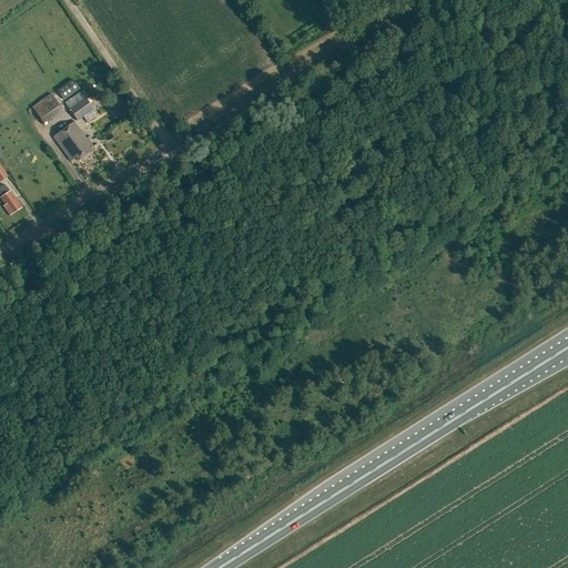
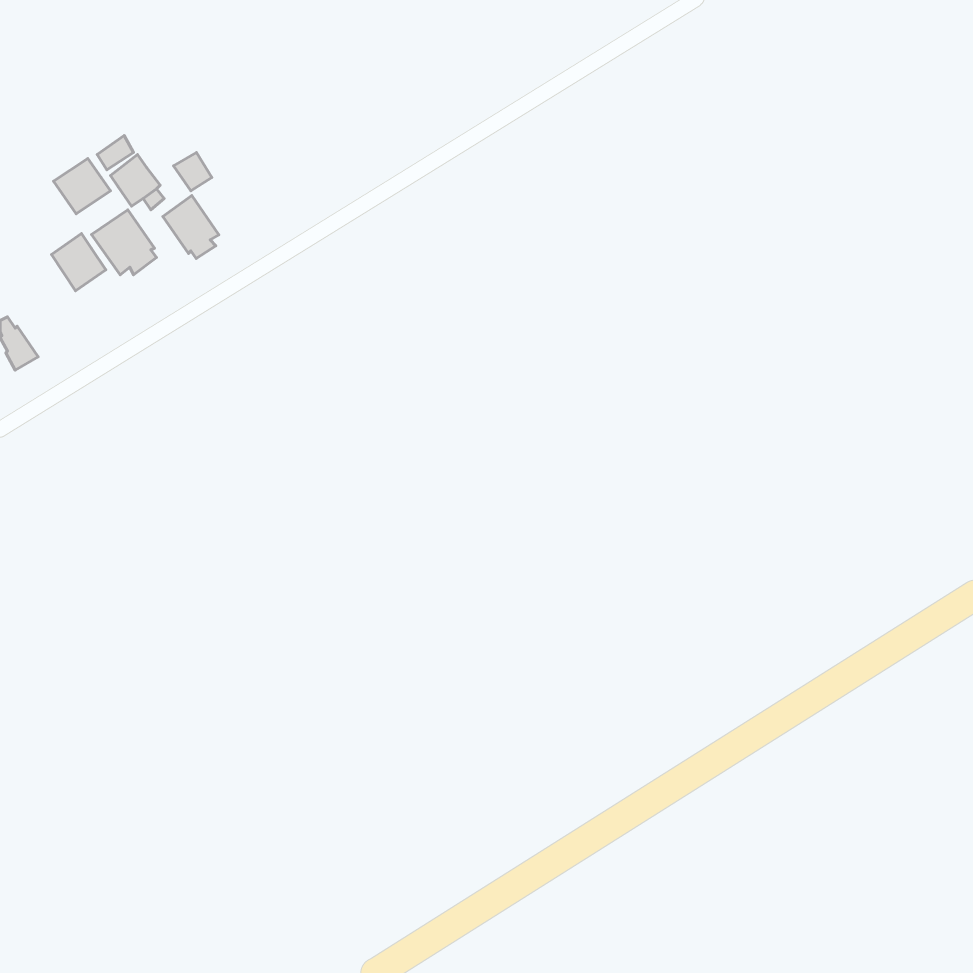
building: none -> [163,196,219,259]
building: none -> [51,233,106,291]

